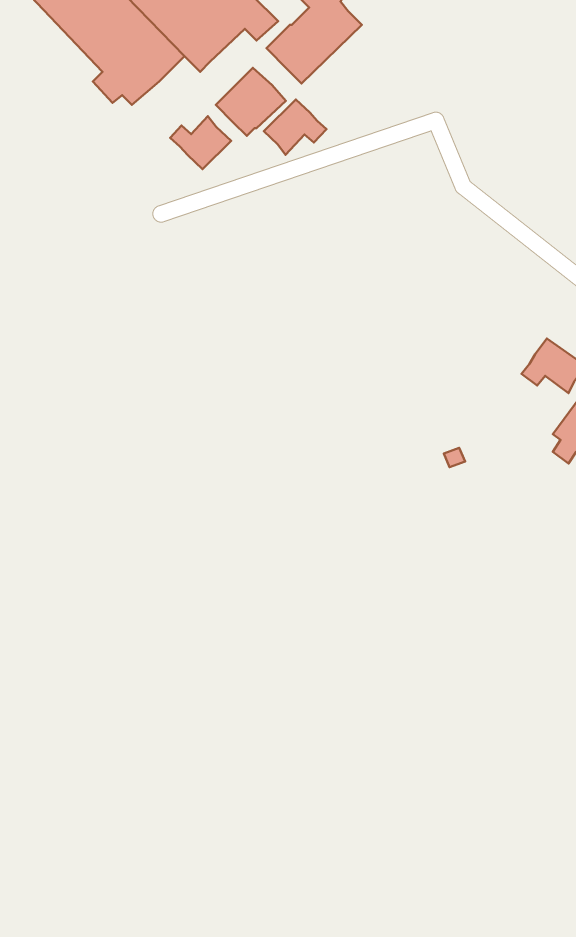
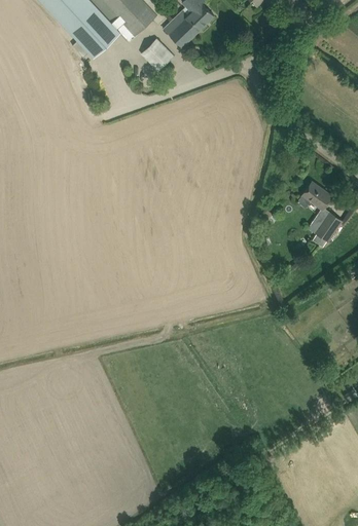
building: [264,99,326,155] -> none
building: [170,116,231,169] -> none

